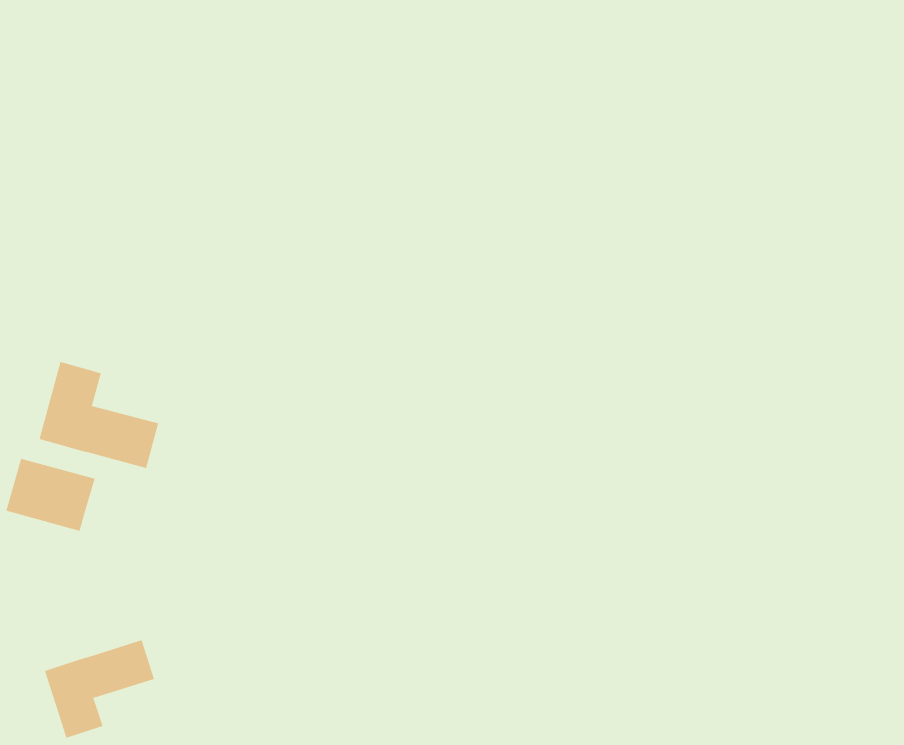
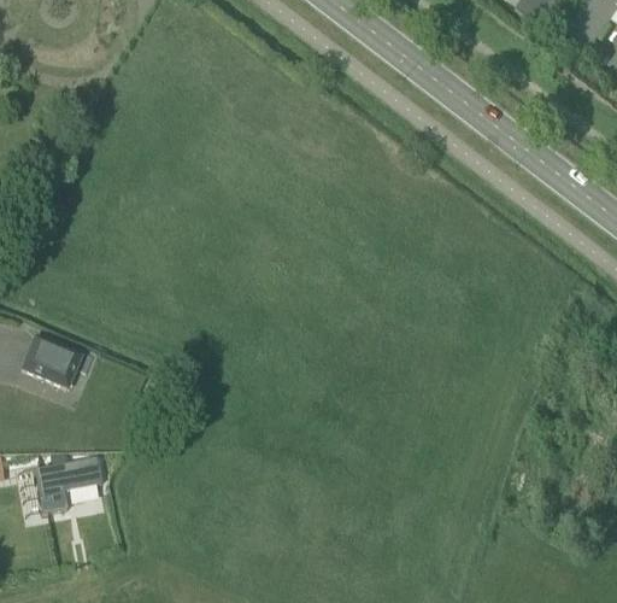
building: [39,361,159,469] -> none

